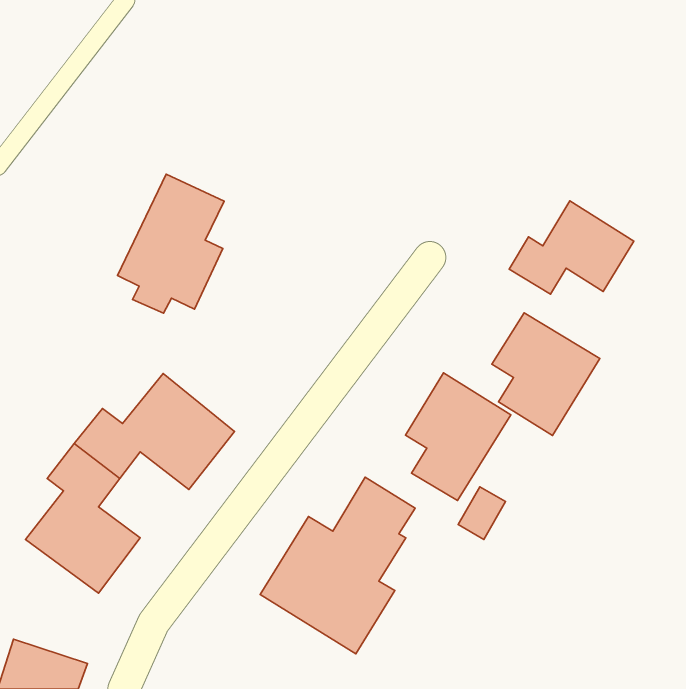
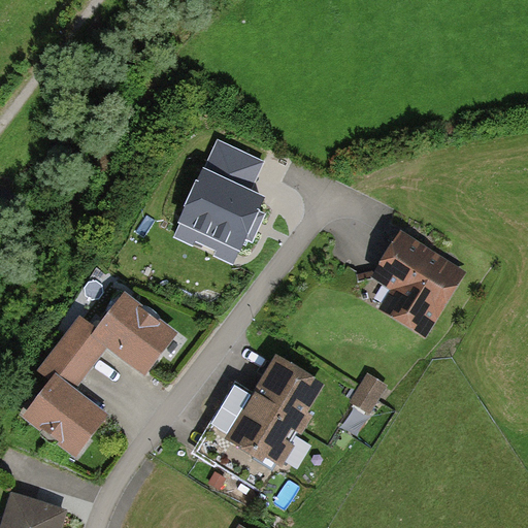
building: [118,174,224,313] -> [179,145,261,252]
building: [509,201,634,294] -> none
building: [406,373,511,501] -> none

